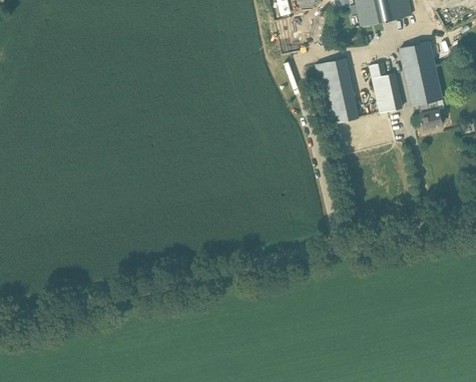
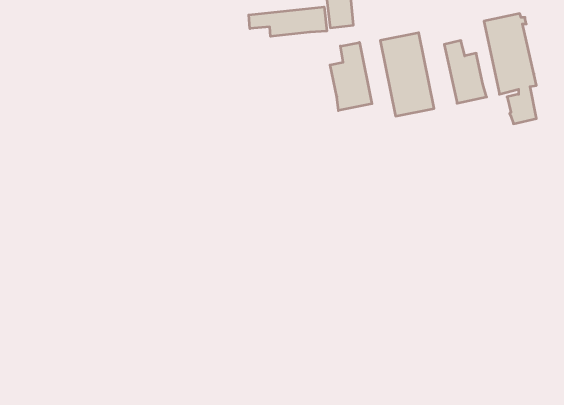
building: none -> [249,7,327,36]
building: none -> [330,42,372,111]

